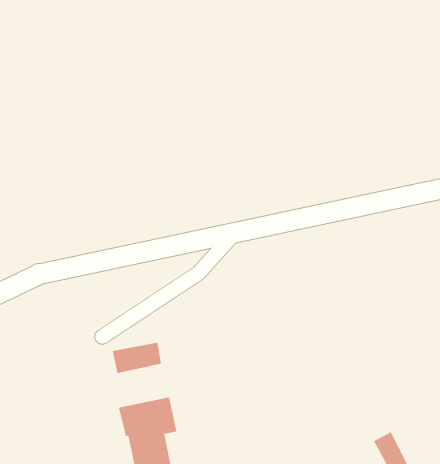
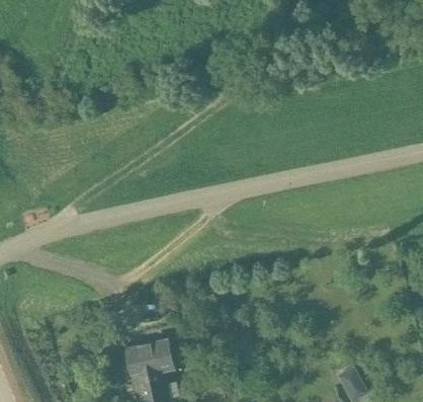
building: [112,342,162,374] -> none

